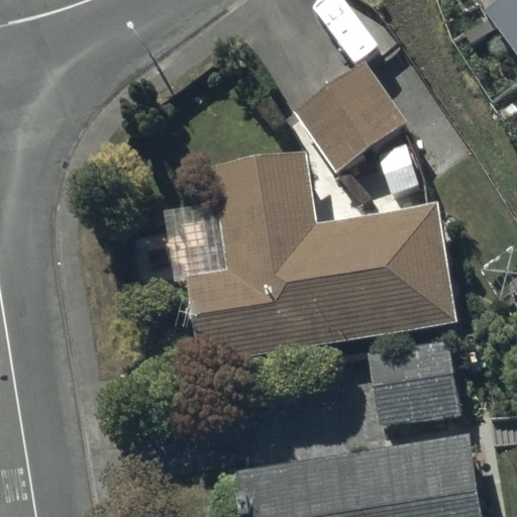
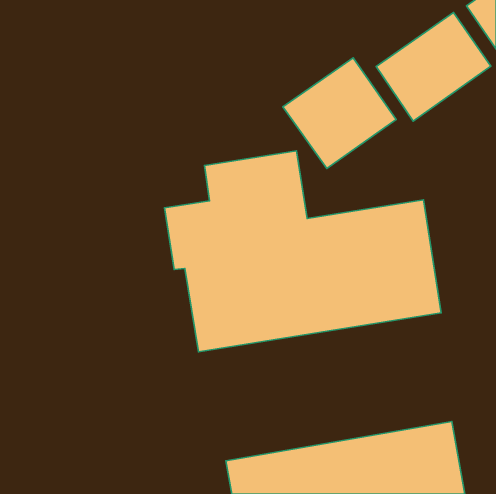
building: none -> [376,13,491,121]
building: [372,341,459,425] -> none

